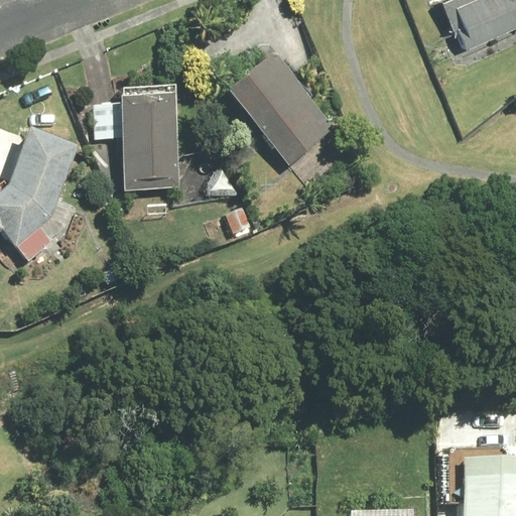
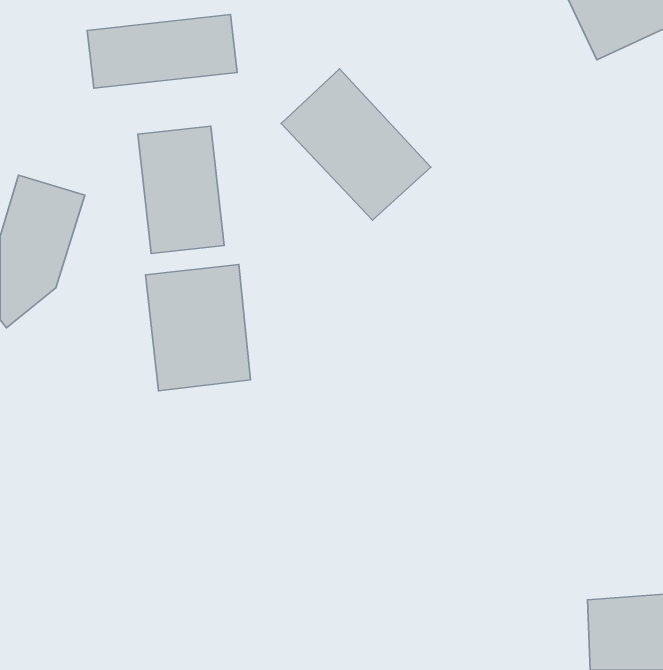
building: none -> [87,15,237,88]
building: none -> [146,264,250,391]

